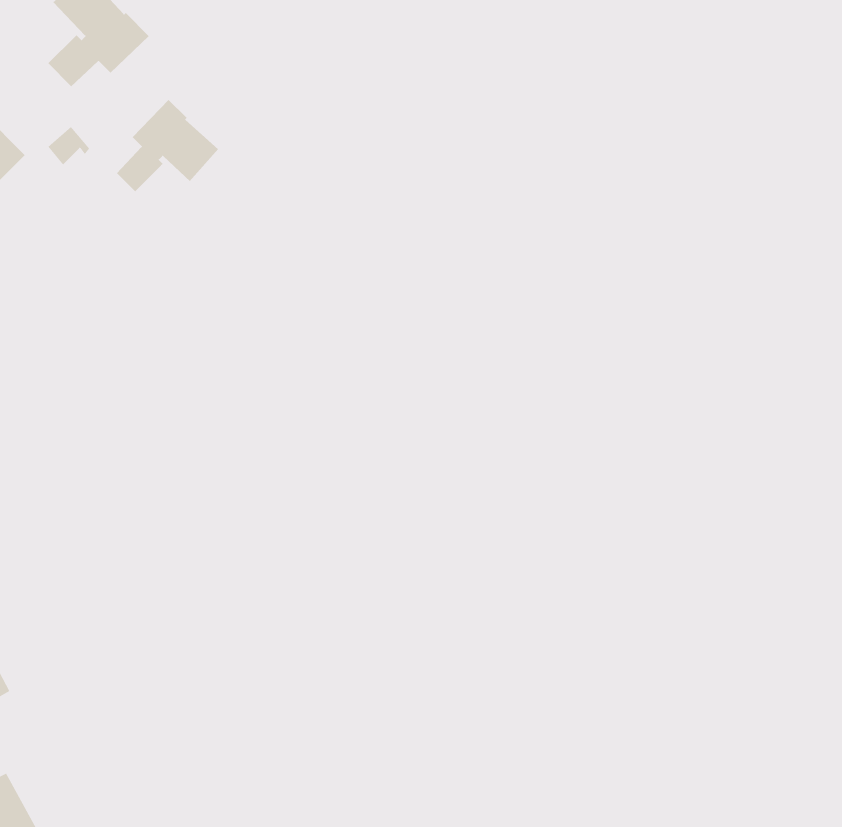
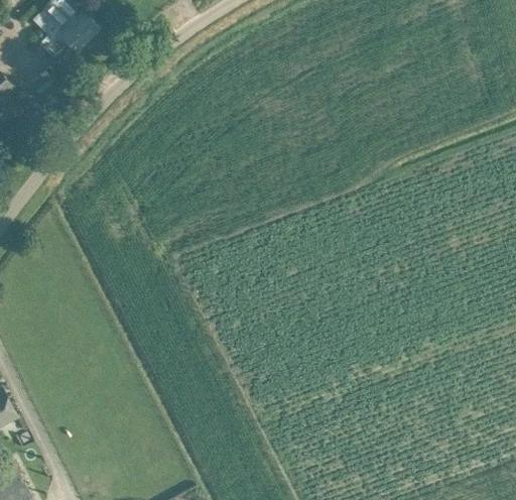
building: [116,99,219,192] -> none

